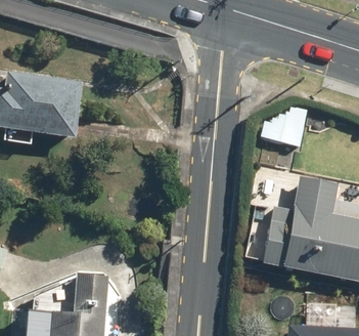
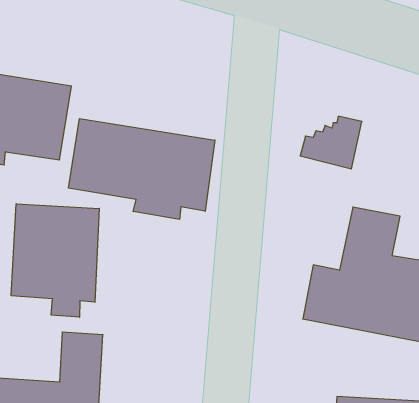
building: none -> [69,119,215,219]
building: none -> [11,204,99,317]

